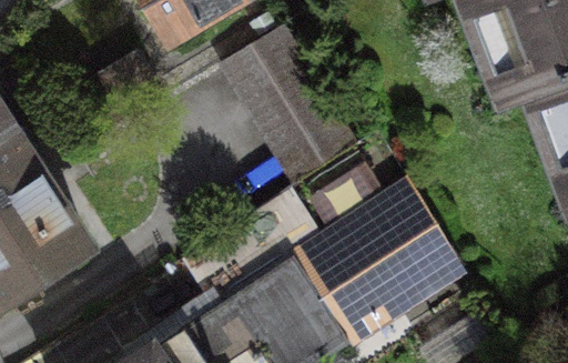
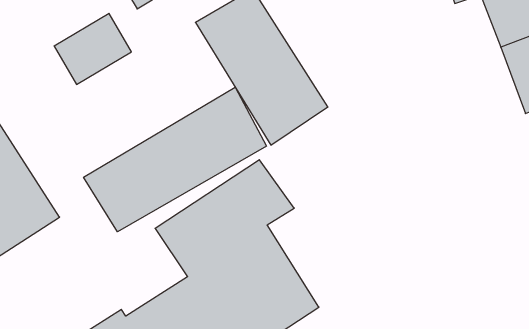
building: none -> [84,87,266,232]
building: [295,184,462,339] -> none

